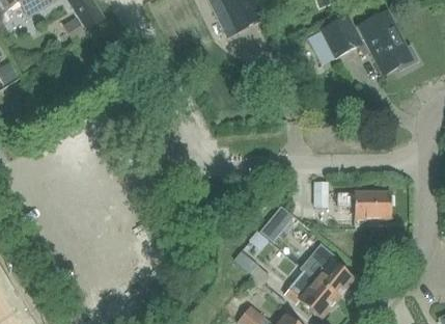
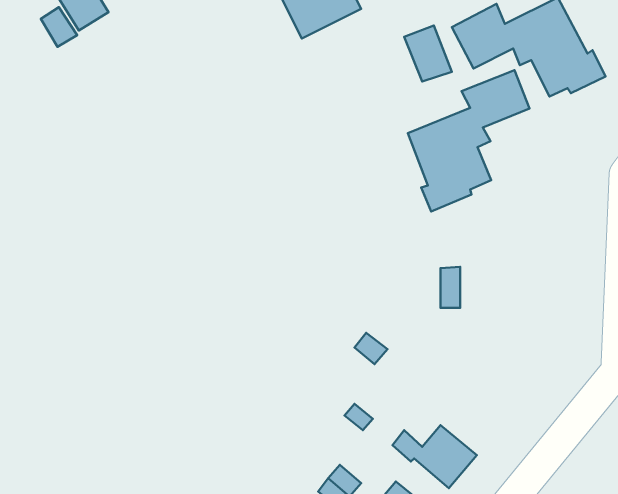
building: none -> [408,70,530,212]
building: [336,190,389,217] -> none
building: [312,246,353,297] -> none

